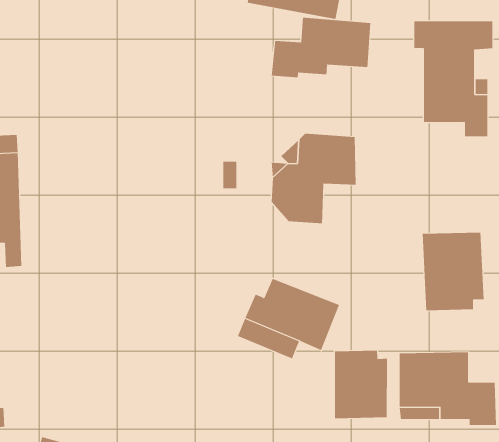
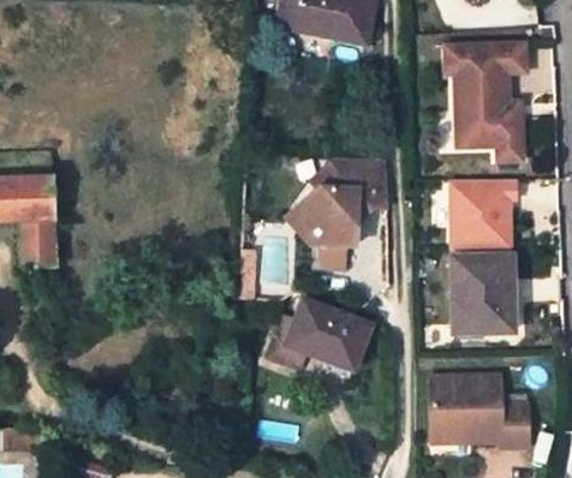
building: [271,17,371,78] -> none
building: none -> [452,178,520,252]
building: [335,350,387,419] -> none

